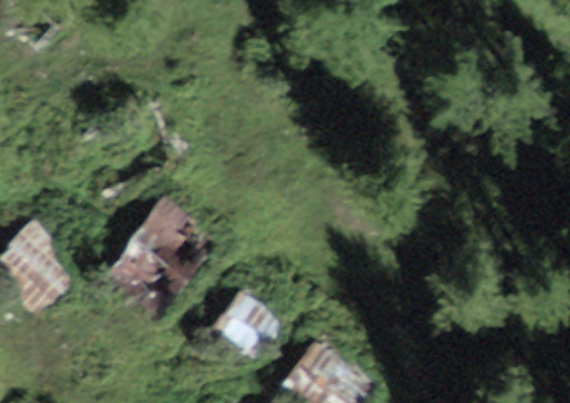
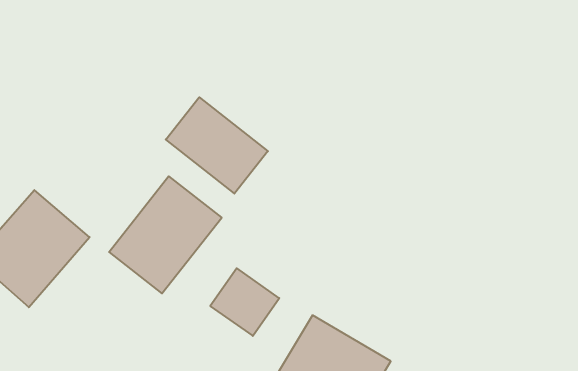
building: none -> [166,97,268,194]

